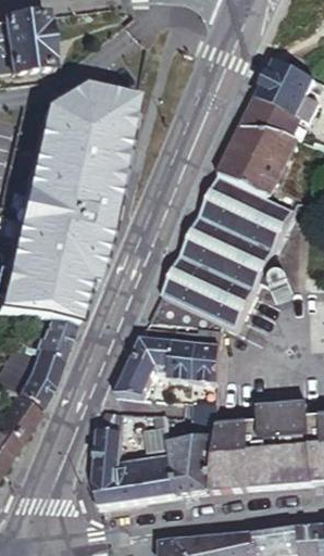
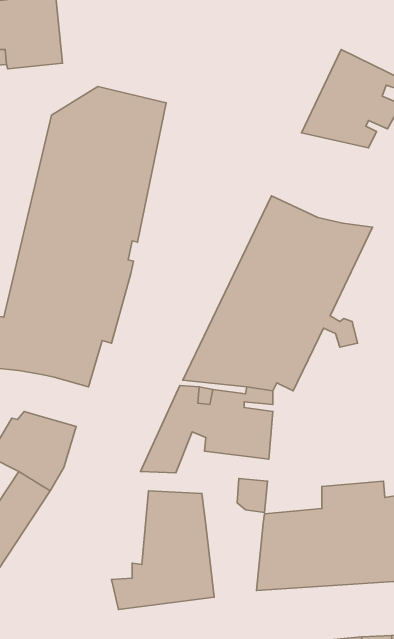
building: [221,125,298,197] -> none
building: [35,317,75,358] -> none
building: [94,408,123,480] -> none
building: [169,435,214,494] -> none

